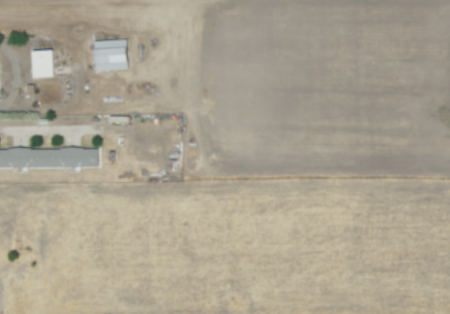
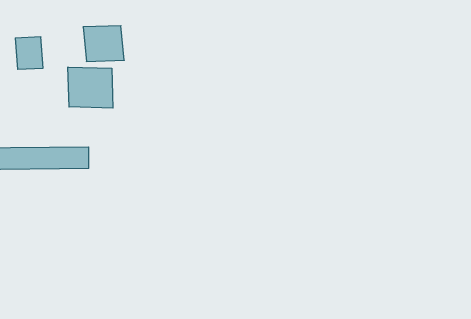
building: none -> [68,67,113,108]

